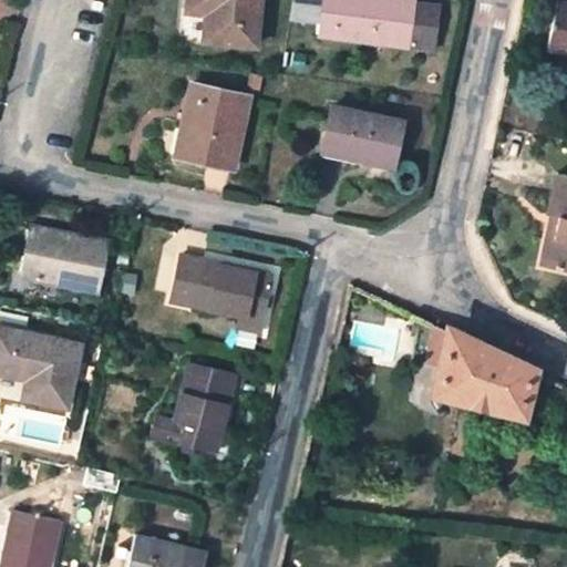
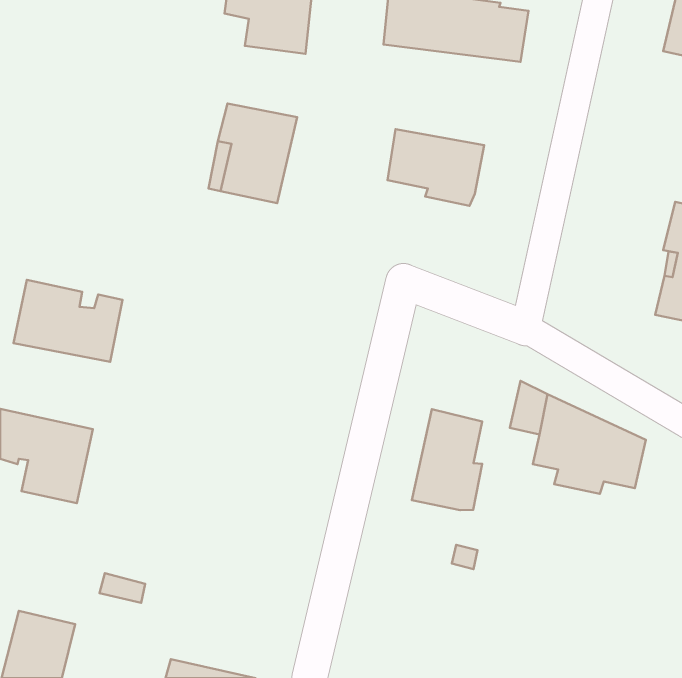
building: [169,261,269,327] -> none
building: none -> [412,409,482,510]
building: [168,370,236,462] -> none

